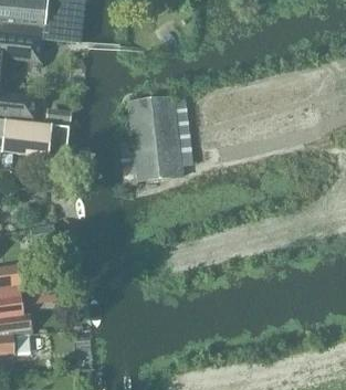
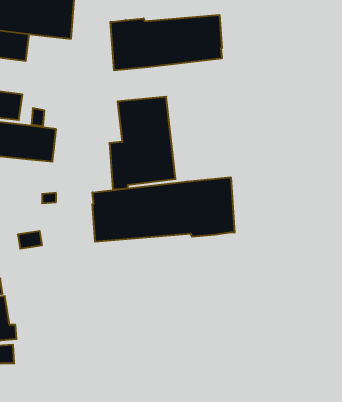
building: none -> [111,15,222,70]
building: none -> [92,177,235,242]

